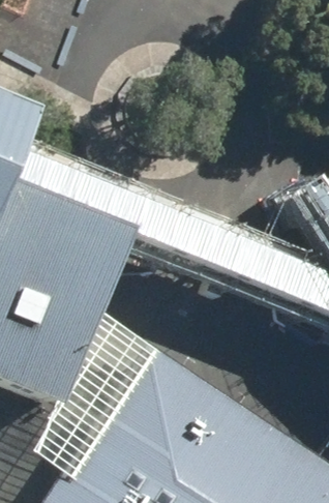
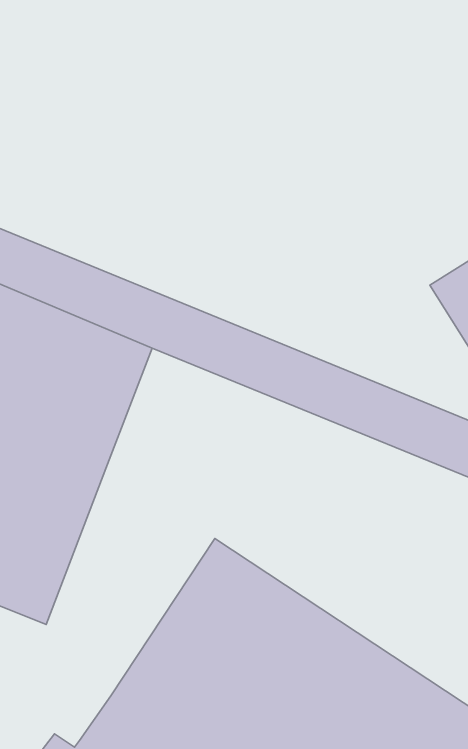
building: [31,307,160,480] -> none

